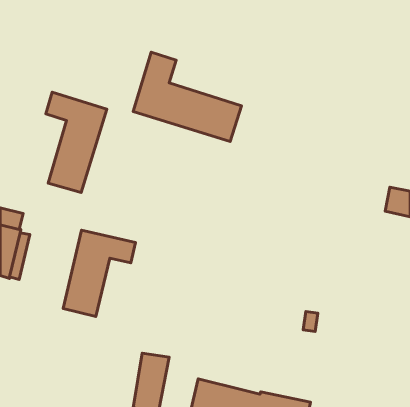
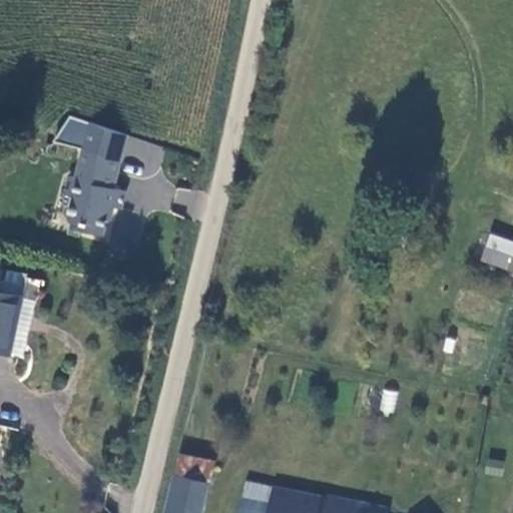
building: [133,52,241,141] -> none
building: [63,230,136,316] -> none

